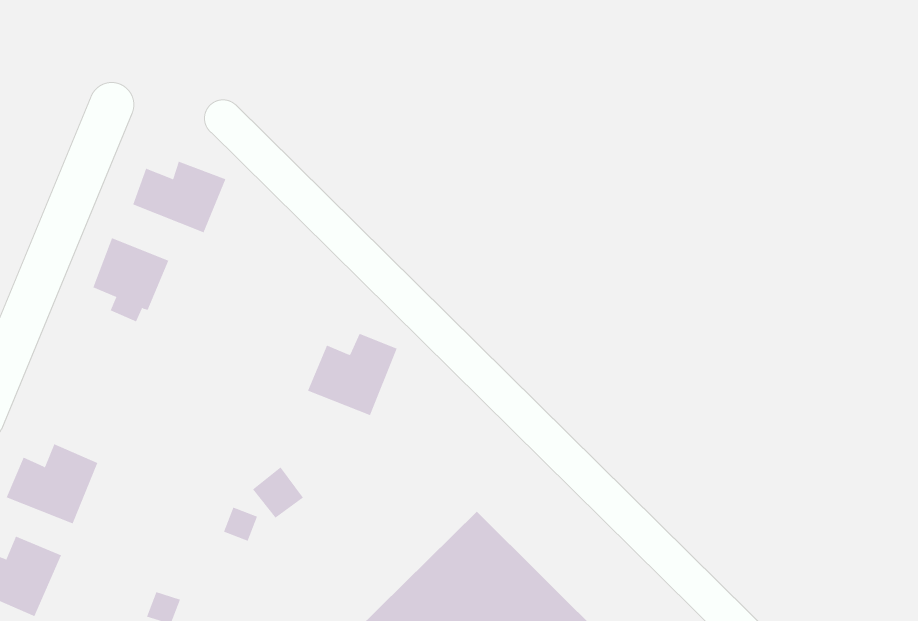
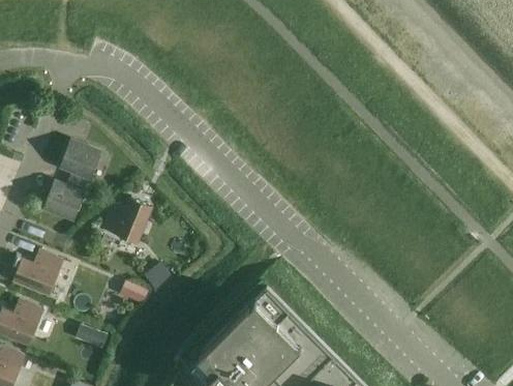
building: [133,161,226,233] -> none
building: none -> [41,182,83,224]
building: [307,333,398,416] -> [101,201,150,245]

